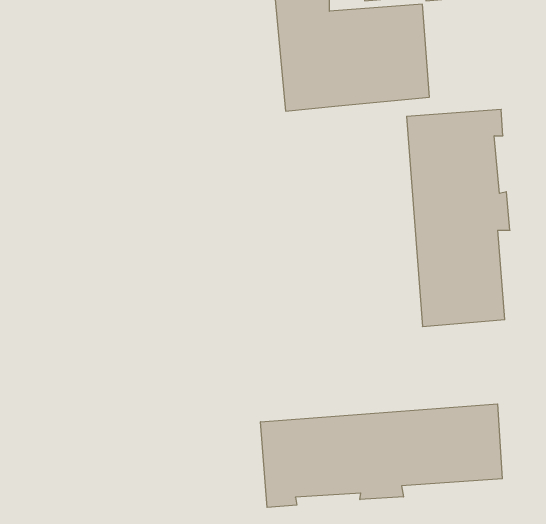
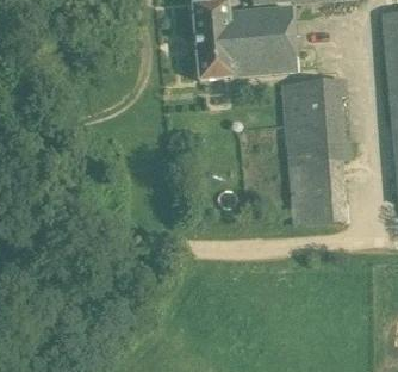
building: [261,404,502,507] -> none

